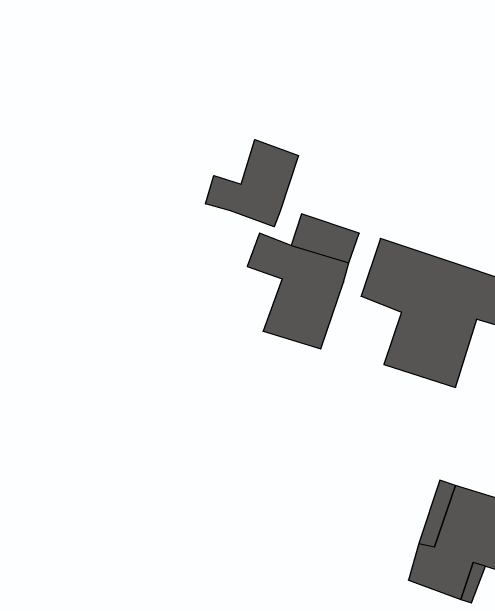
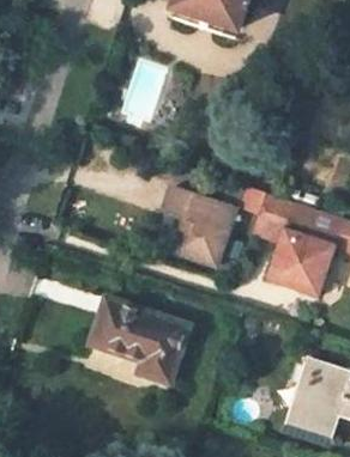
building: [205,140,298,227] -> none
building: none -> [86,298,185,383]

